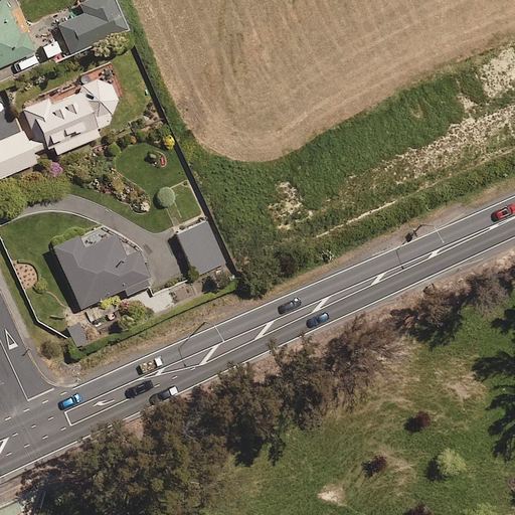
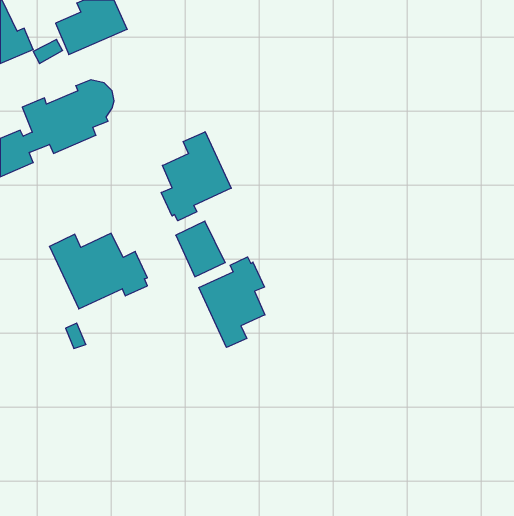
building: none -> [161,132,231,221]
building: none -> [199,257,265,347]

